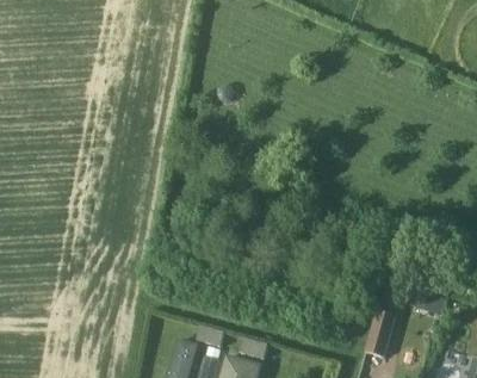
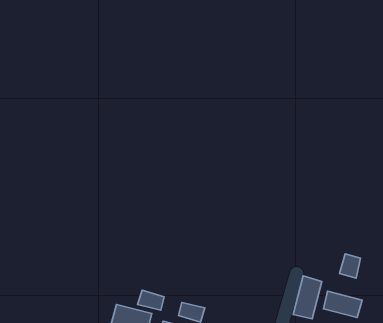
building: none -> [323,291,362,317]

